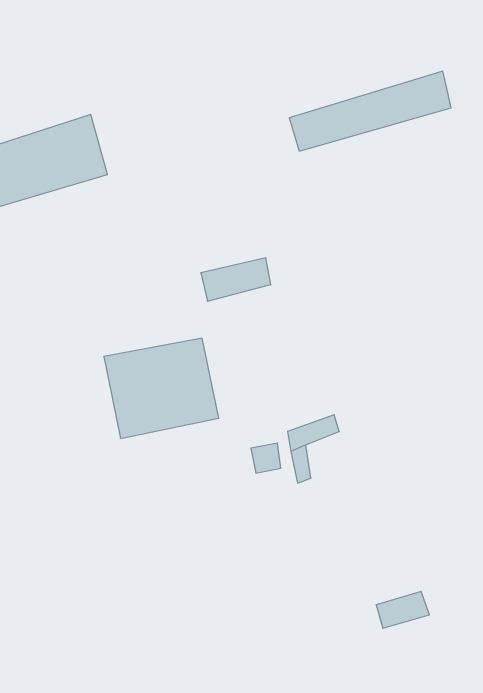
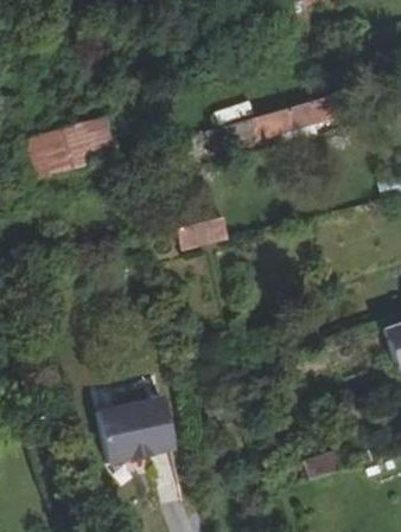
building: [104,338,219,438] -> [96,393,178,464]

